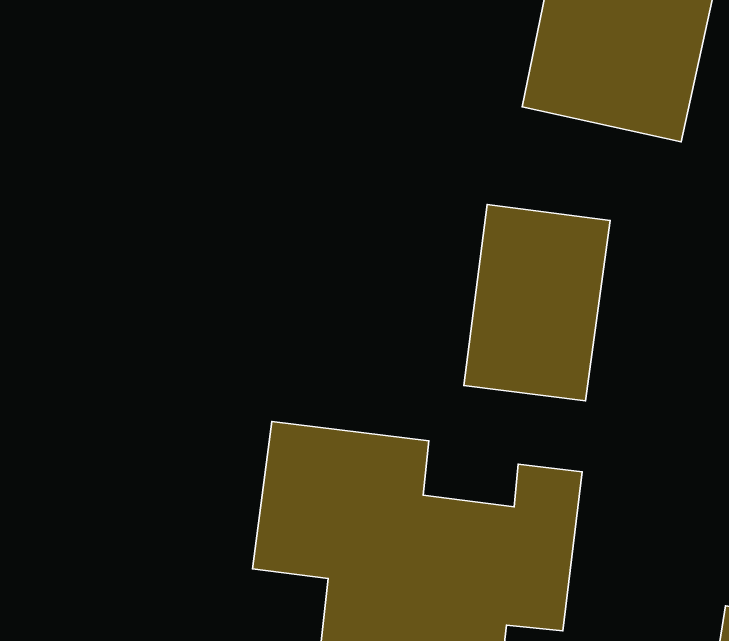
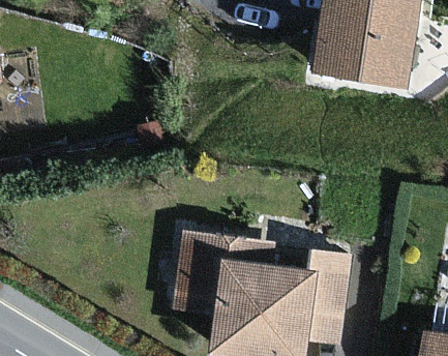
building: [464,205,610,401] -> none

